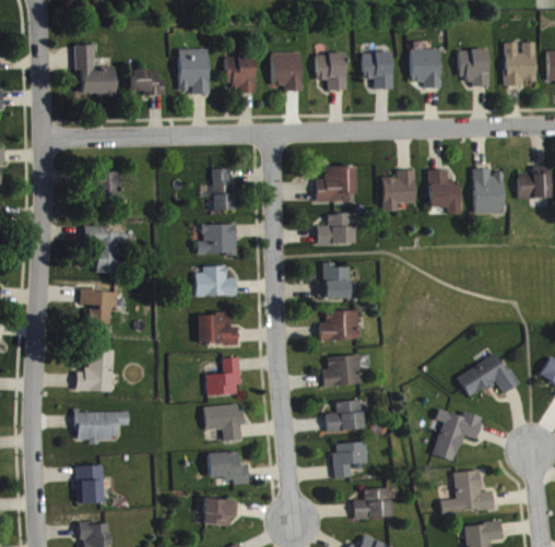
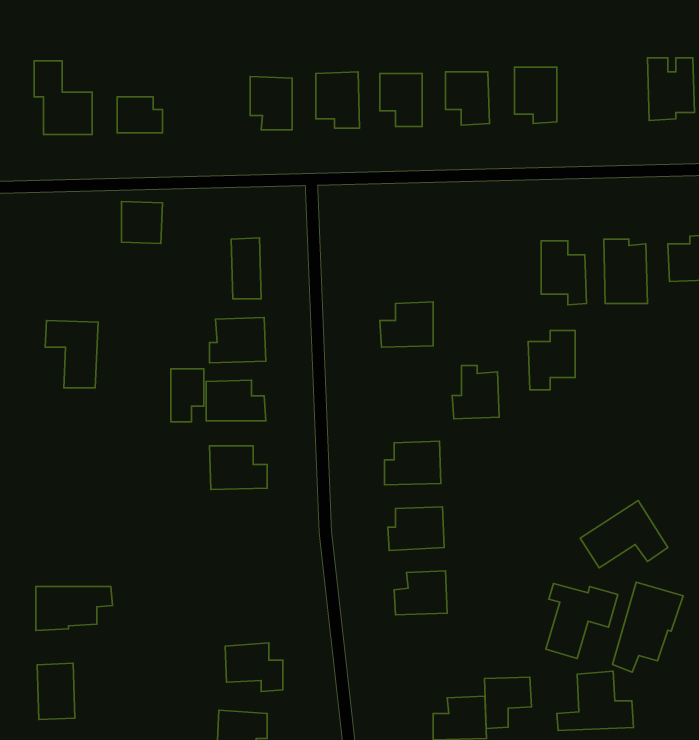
building: [178,49,209,94] -> none
building: [457,49,487,86] -> none
building: [315,166,356,202] -> none
building: [381,170,414,212] -> [528,331,575,390]
building: [96,171,125,201] -> [122,201,162,244]
building: none -> [171,369,204,422]
building: [316,262,349,299] -> [452,366,499,419]
building: [80,290,116,323] -> none
building: [75,349,114,392] -> none
building: [205,358,239,395] -> none
building: [203,404,241,441] -> none
building: none -> [613,582,683,672]
building: [333,442,366,478] -> [485,677,532,729]

